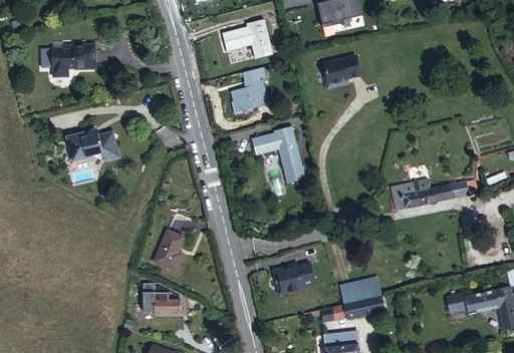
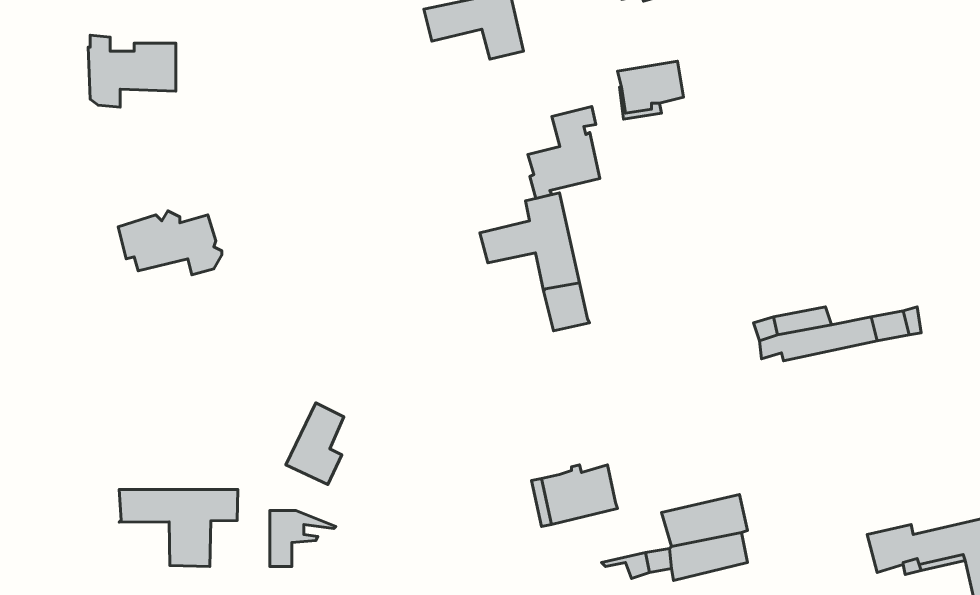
building: [225,66,261,112] -> [528,107,600,199]
building: none -> [119,489,238,567]
building: [157,290,180,313] -> none

